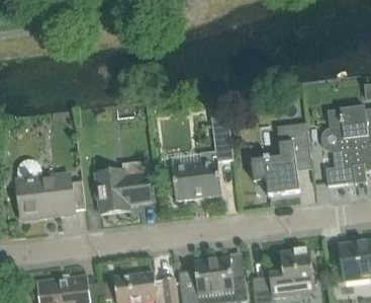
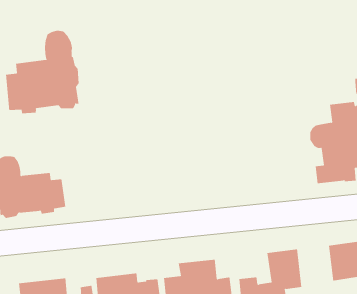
building: none -> [5,30,79,114]
building: [171,107,234,199] -> none
building: [250,122,310,194] -> none
building: [94,158,151,212] -> none

